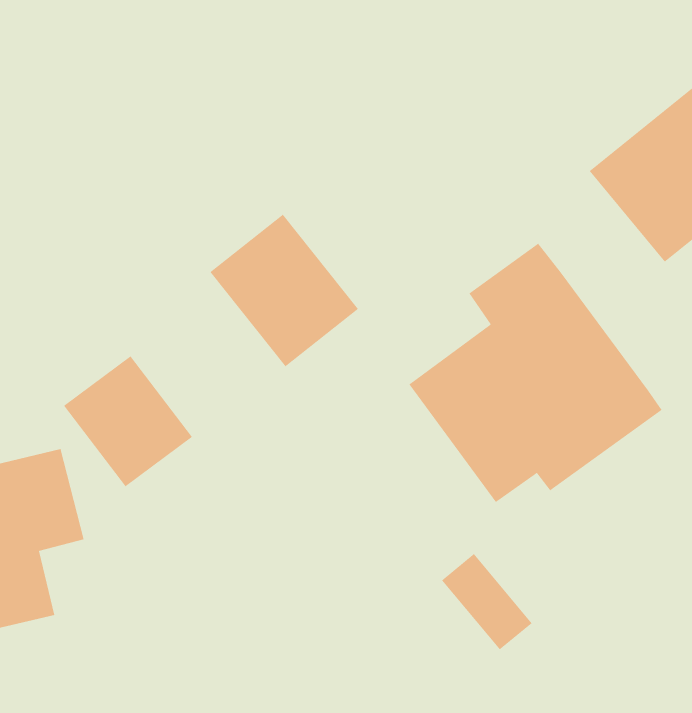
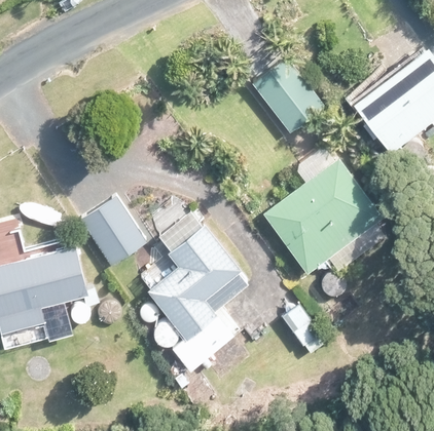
building: [210,214,359,367] -> [248,54,327,135]
building: none -> [132,211,249,371]

